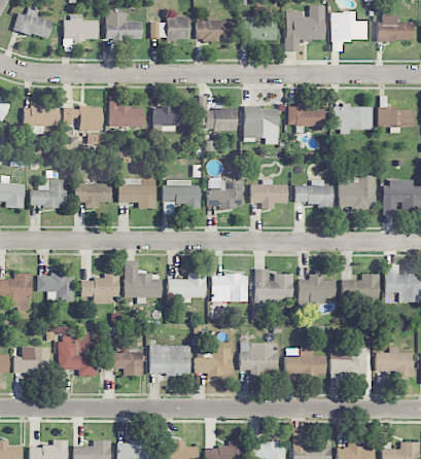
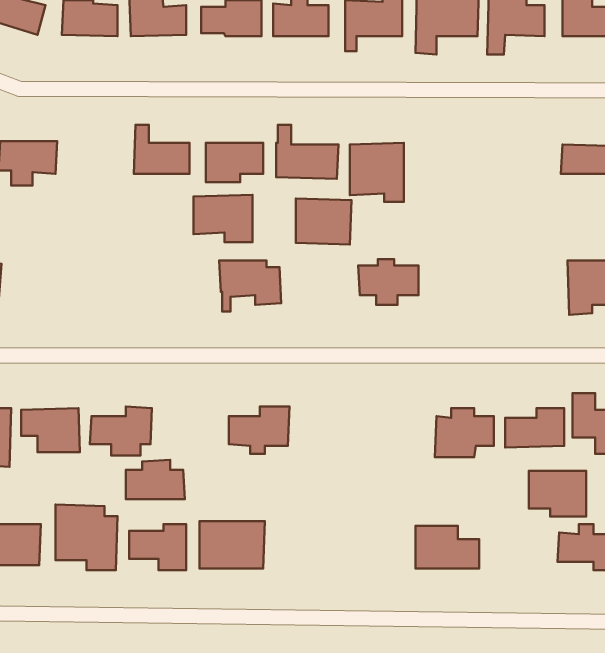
building: [332,106,372,132] -> none
building: [63,107,102,131] -> none
building: [287,107,324,127] -> none
building: [338,176,375,208] -> none
building: [118,178,155,208] -> [193,195,252,242]
building: [208,179,243,208] -> [296,199,352,244]
building: [30,180,66,207] -> none
building: [294,180,332,209] -> none
building: [74,183,111,208] -> none
building: [254,269,292,304] -> none
building: [125,273,162,297] -> [126,460,185,499]
building: [211,275,247,303] -> none
building: [240,342,277,376] -> none
building: [329,348,365,377] -> [529,471,586,517]
building: [194,349,231,375] -> none

